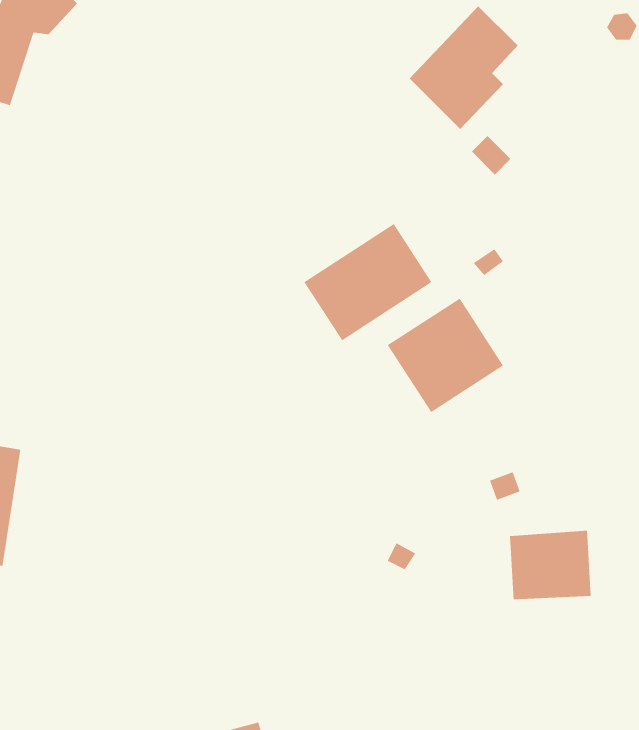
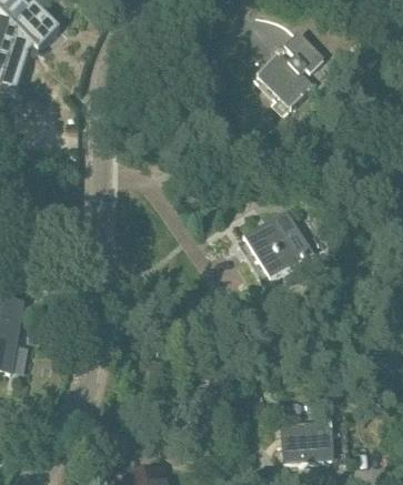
building: [303,223,432,341] -> none
building: [509,530,592,600] -> [281,420,331,462]

